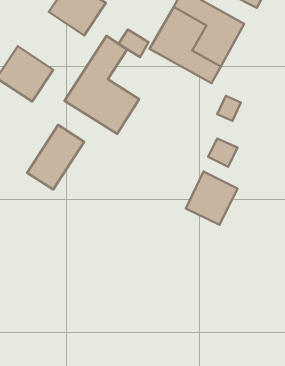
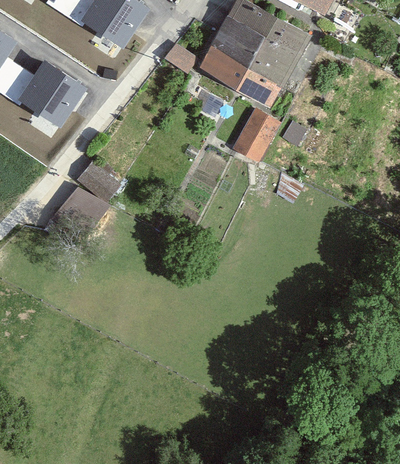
building: [64,36,139,134] -> none
building: none -> [231,105,282,163]
building: [186,171,238,225] -> none

